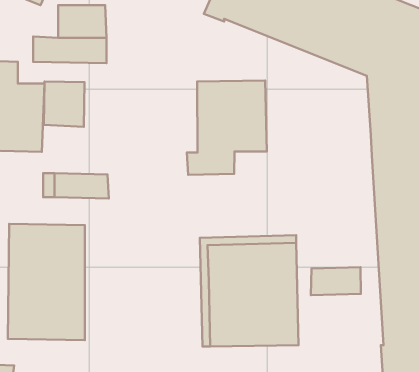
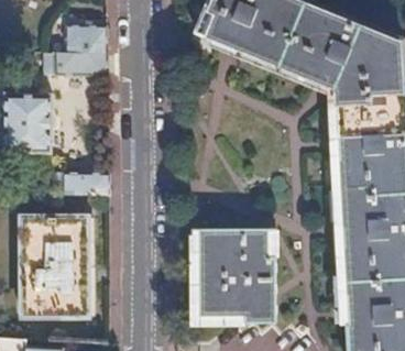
building: [187,80,267,175] -> none
building: [44,81,85,127] -> none
building: [311,267,361,295] -> none

